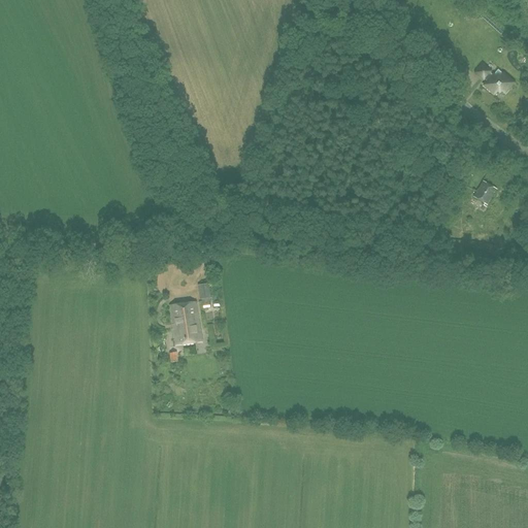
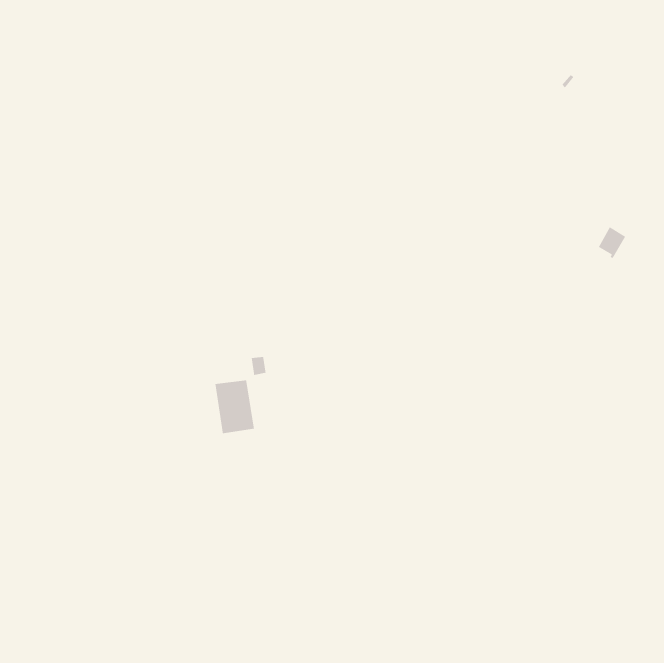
building: [475,64,514,94] -> none

